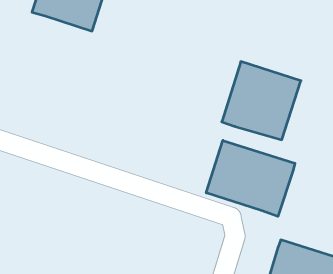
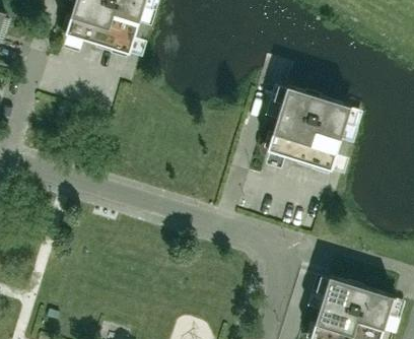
building: [206,140,295,216] -> none

